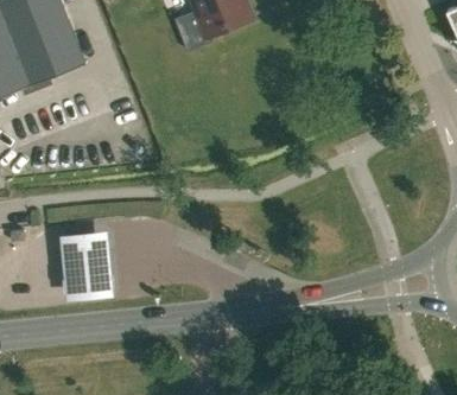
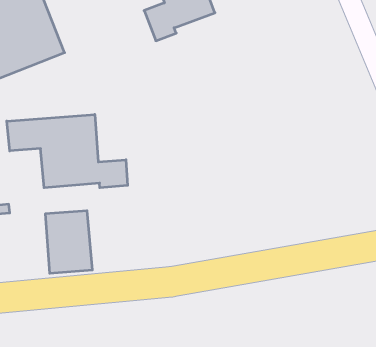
building: none -> [7,114,128,188]

